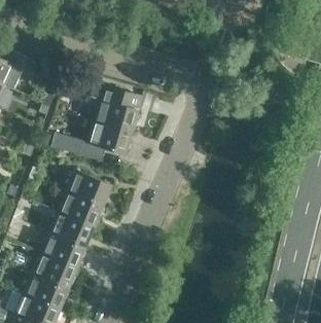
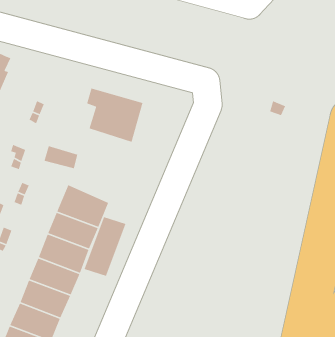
building: [84,120,131,155] -> none
building: none -> [83,216,127,277]

